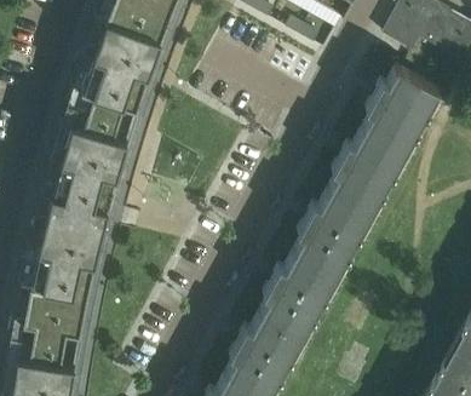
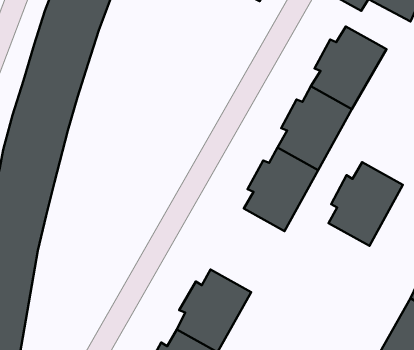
building: [262,252,337,337] -> [329,162,403,246]

